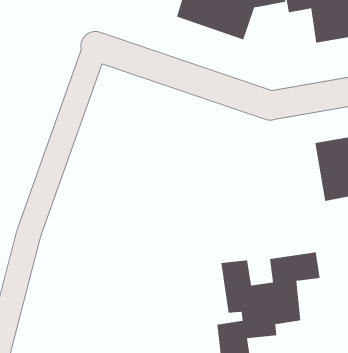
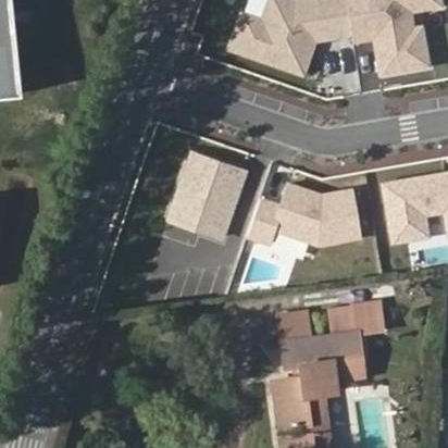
building: none -> [167,153,242,237]
building: none -> [249,183,361,247]

